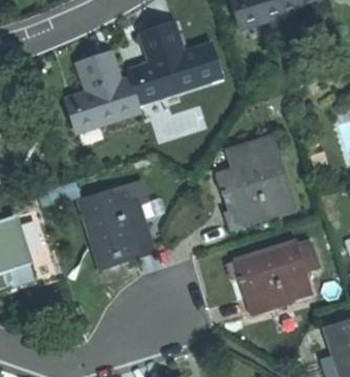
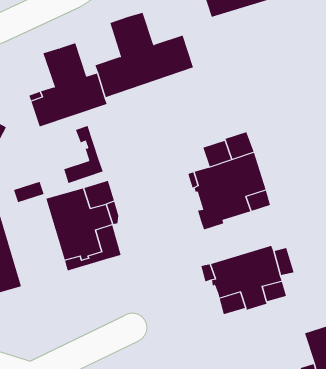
building: none -> [63,125,103,184]

